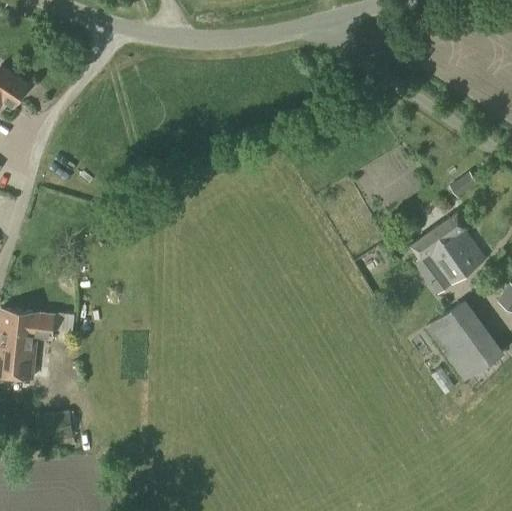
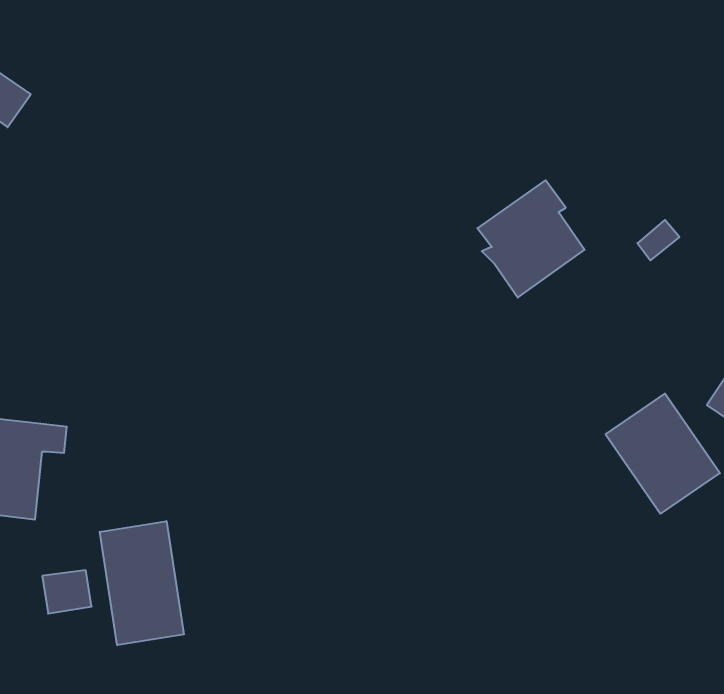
building: [410,214,484,295] -> [477,180,585,298]
building: none -> [100,521,184,645]

